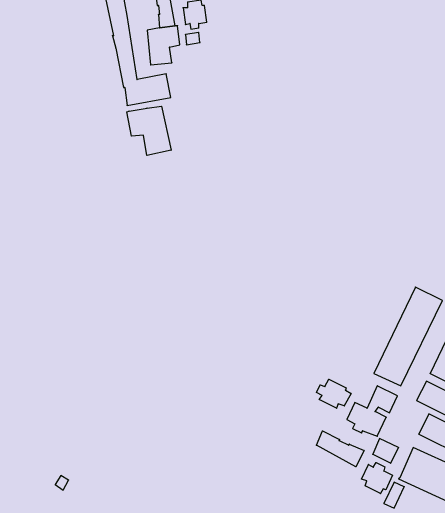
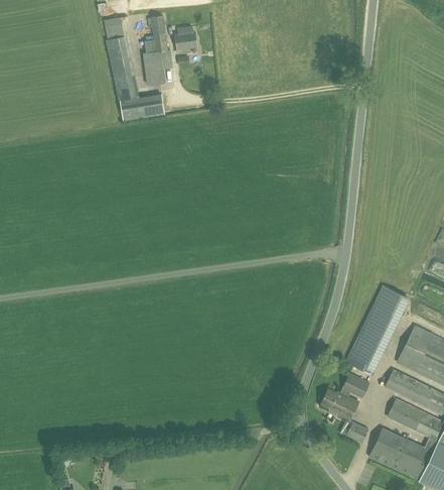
building: [127,106,171,155] -> none
building: [316,379,351,408] -> none
building: [316,431,364,467] -> none
building: [362,463,393,494] -> none

